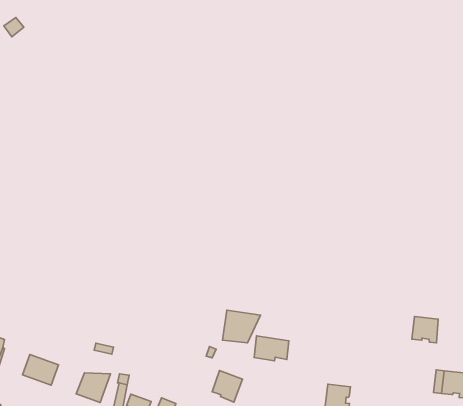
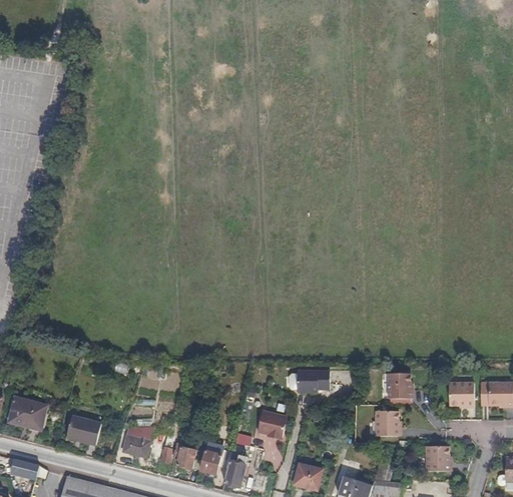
building: [223,310,261,343] -> none
building: [412,316,438,343] -> [449,384,474,408]
building: none -> [385,373,410,399]

